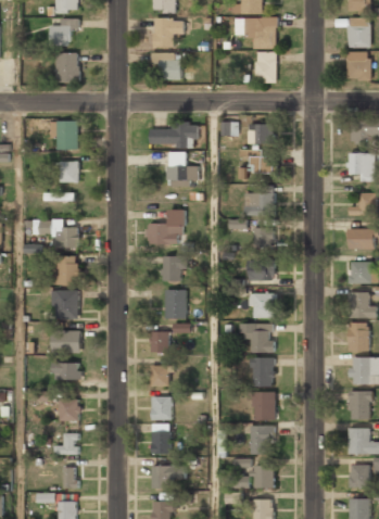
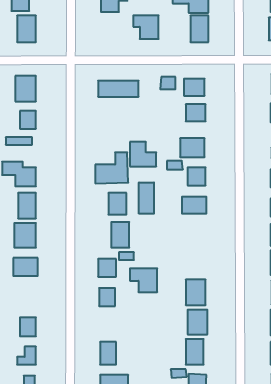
building: [152,53,181,80] -> [133,15,159,39]
building: [167,153,198,181] -> [130,142,156,166]
building: none -> [139,182,154,214]
building: [251,294,275,317] -> none
building: [241,324,273,351] -> [130,268,157,292]
building: [53,362,81,379] -> none
building: [152,397,172,420] -> none

